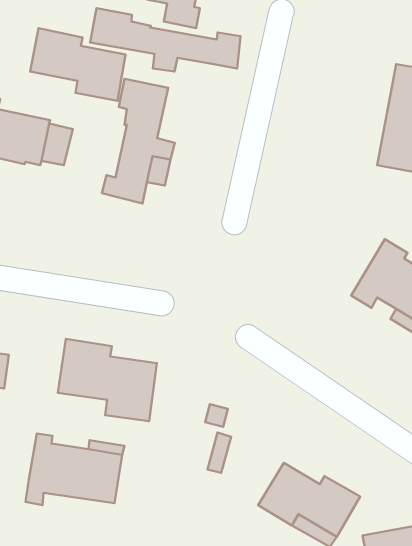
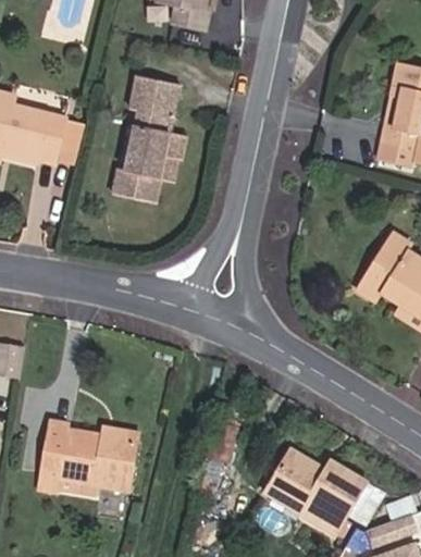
building: [90,8,241,72] -> none
building: [30,28,125,101] -> none
building: [58,339,157,421] -> none

